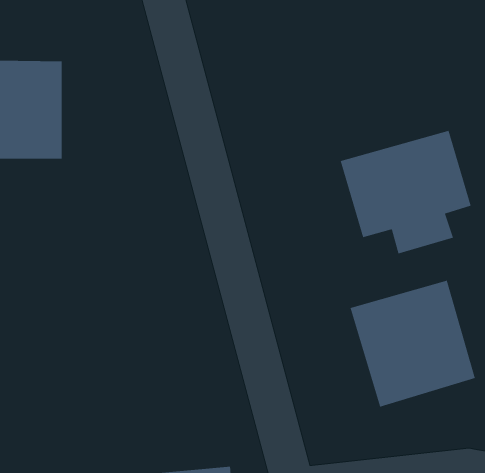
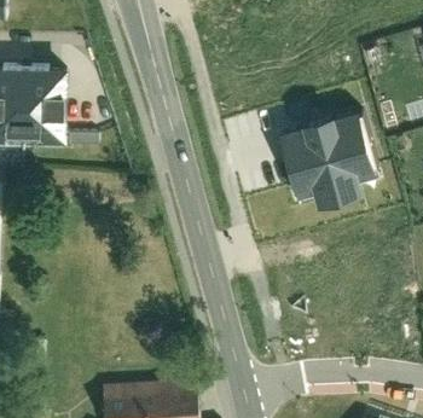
building: [350,280,475,408] -> none

